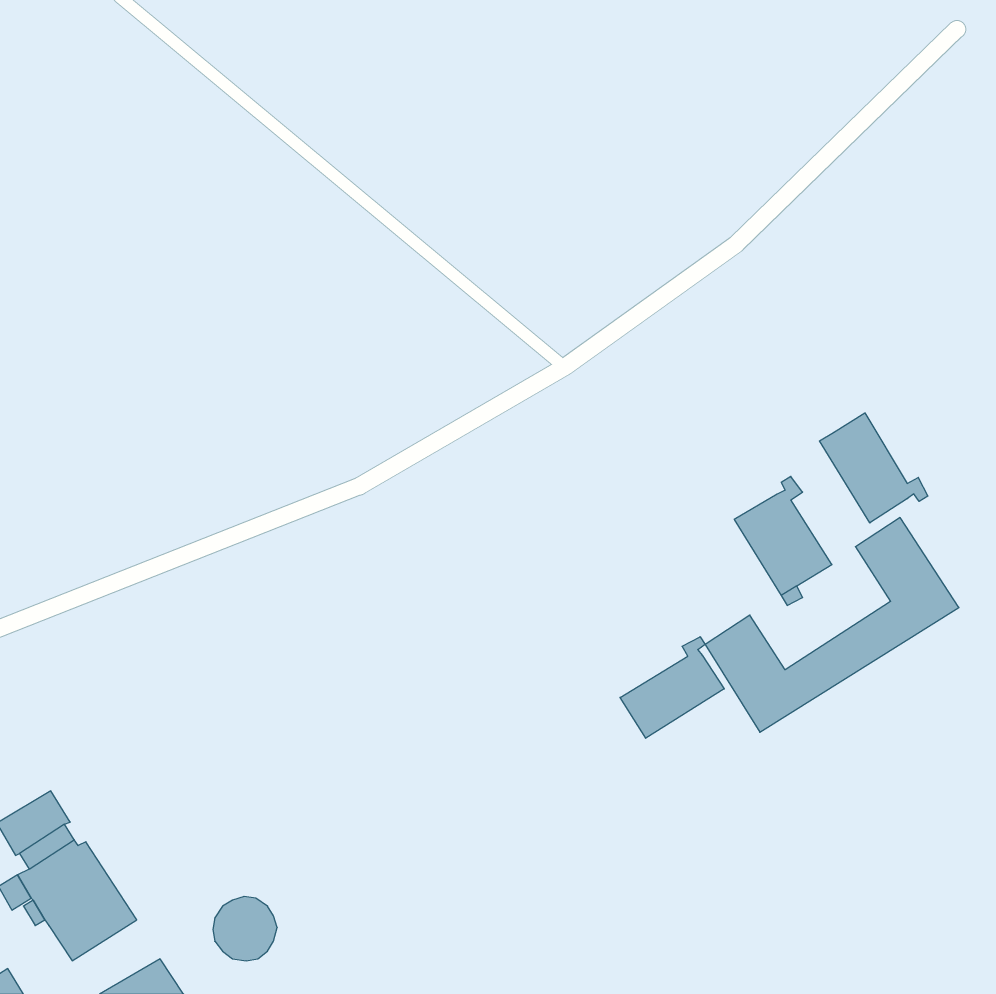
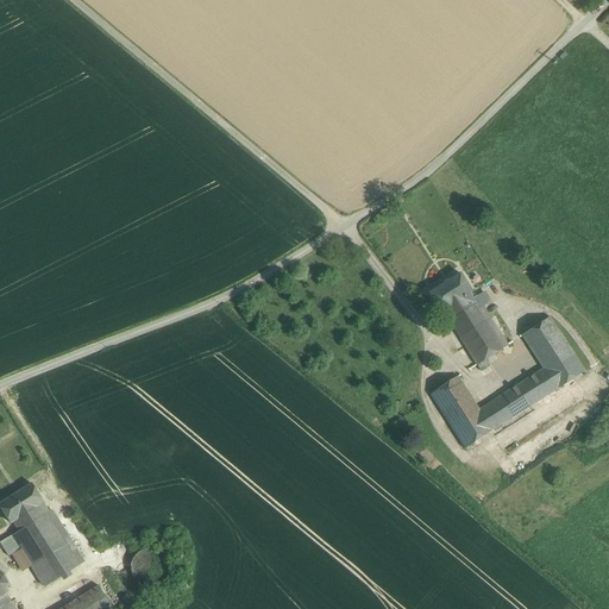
building: [819,413,928,523] -> none
building: none -> [428,271,473,316]
building: [620,637,724,738] -> none

